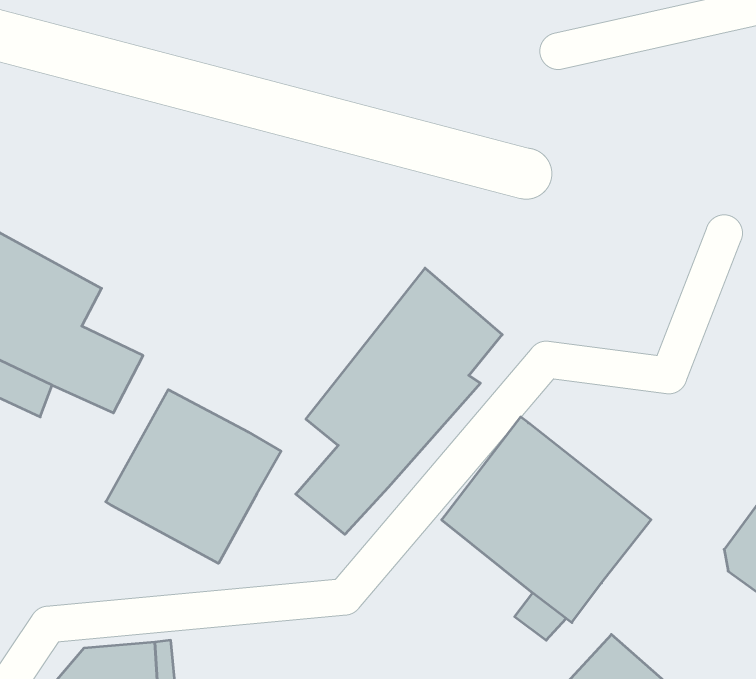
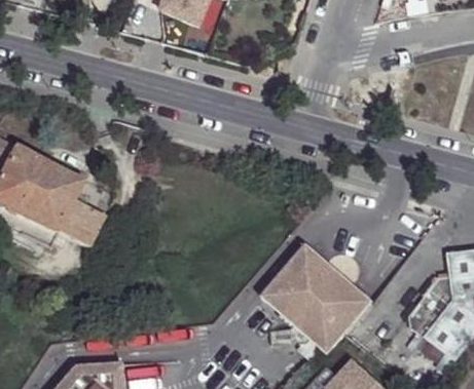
building: [296,268,502,534] -> none
building: [106,390,281,563] -> none

